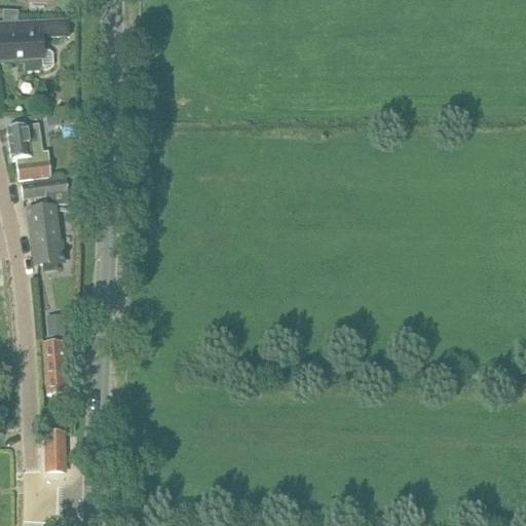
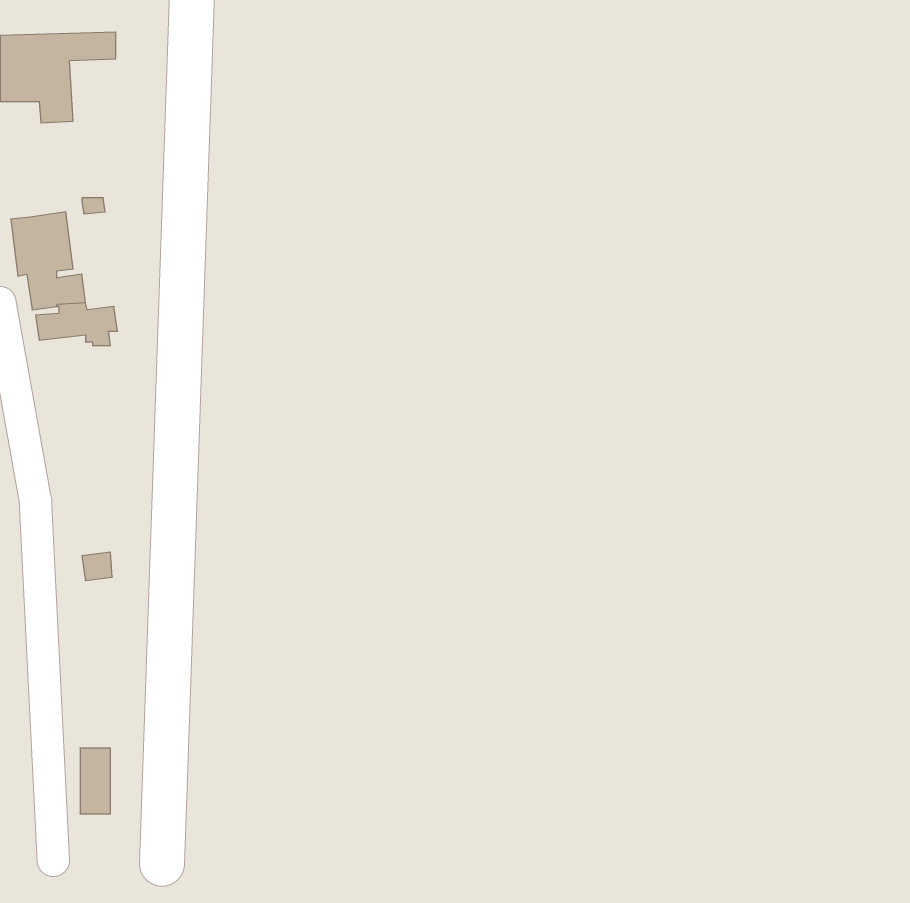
building: [27,205,63,266] -> none
building: [43,339,65,393] -> none

